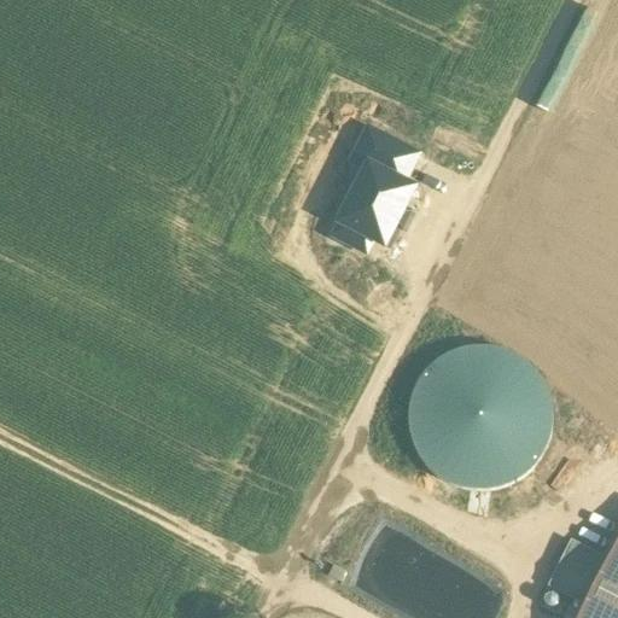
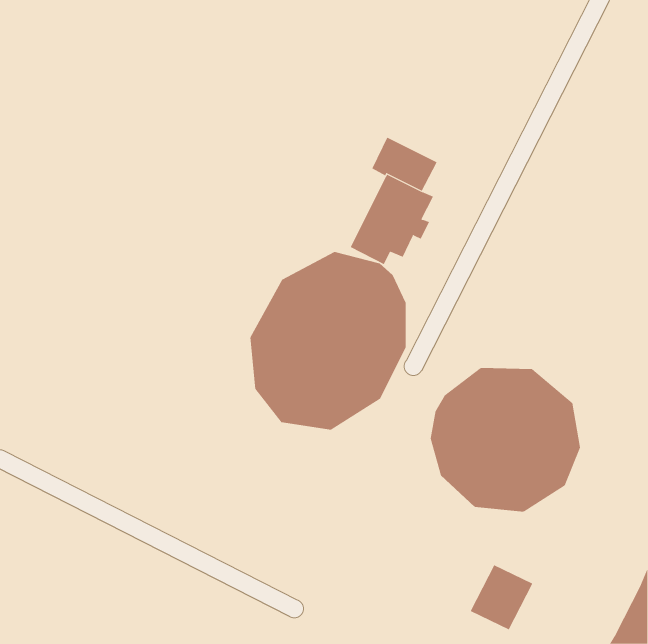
building: none -> [250,251,406,430]
building: [548,541,608,604] -> [470,564,533,630]

